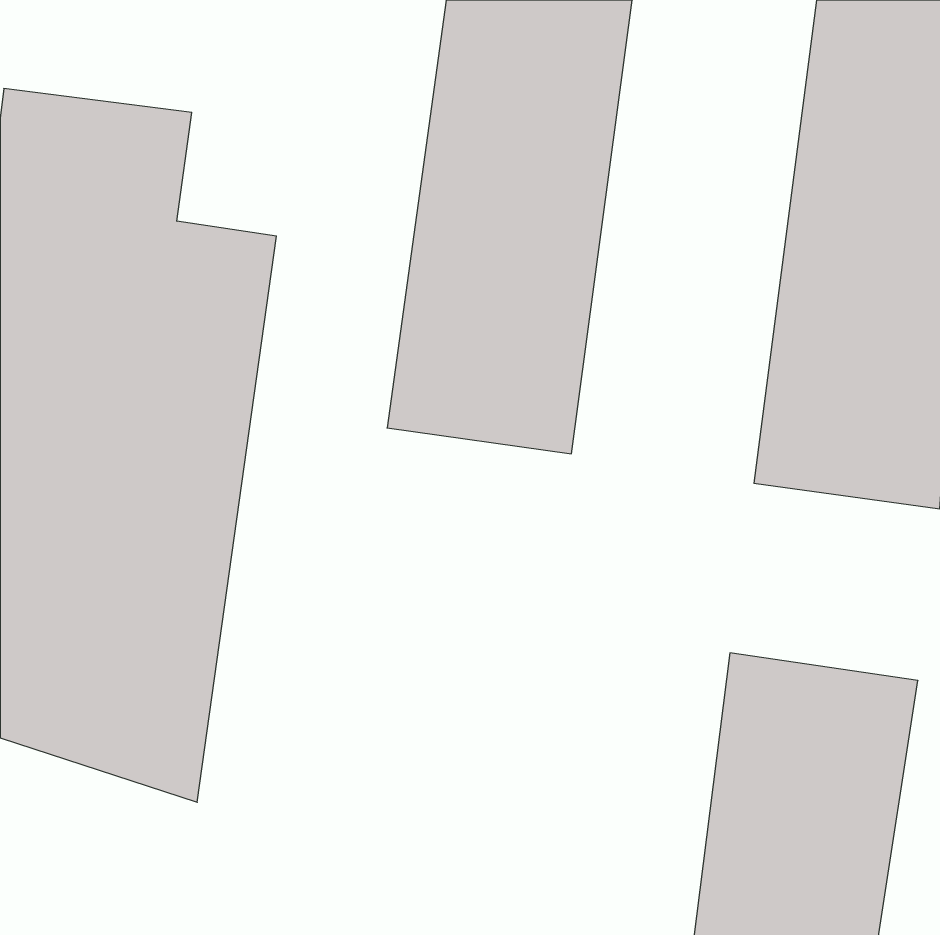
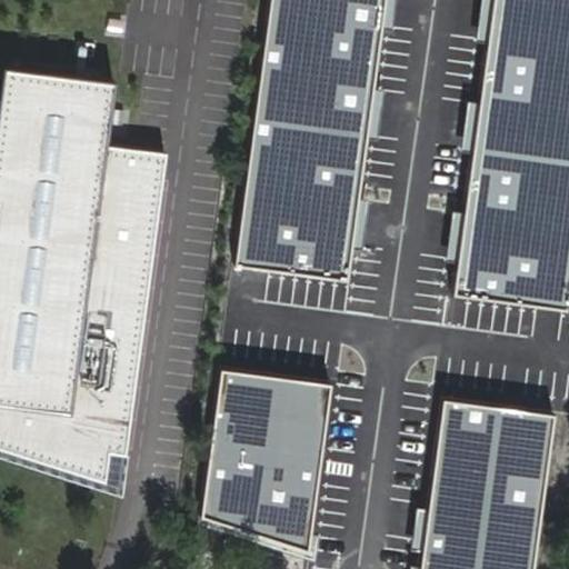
building: none -> [200,370,330,549]

